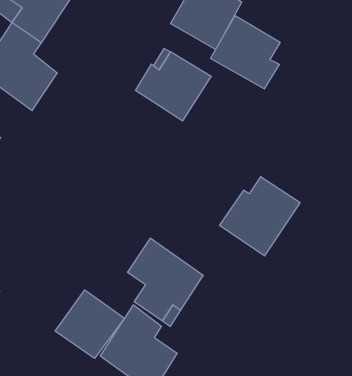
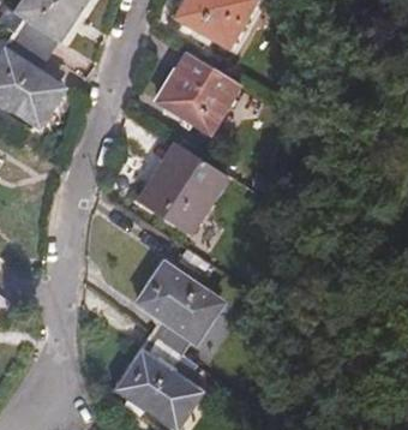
building: [211,16,280,89] -> none
building: [220,177,300,256] -> [134,154,220,238]
building: [55,290,125,358] -> none

